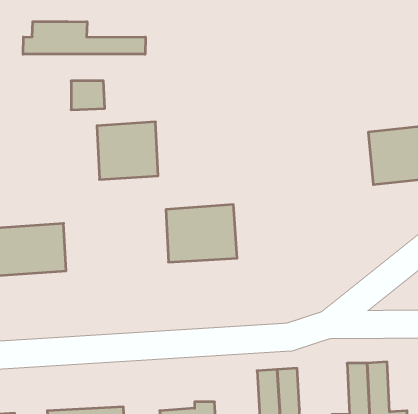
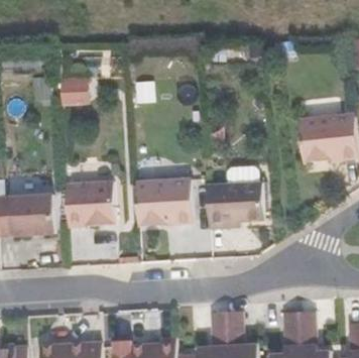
building: [23,21,145,54] -> none
building: [97,122,158,179] -> [65,181,114,227]
building: none -> [206,183,263,228]

